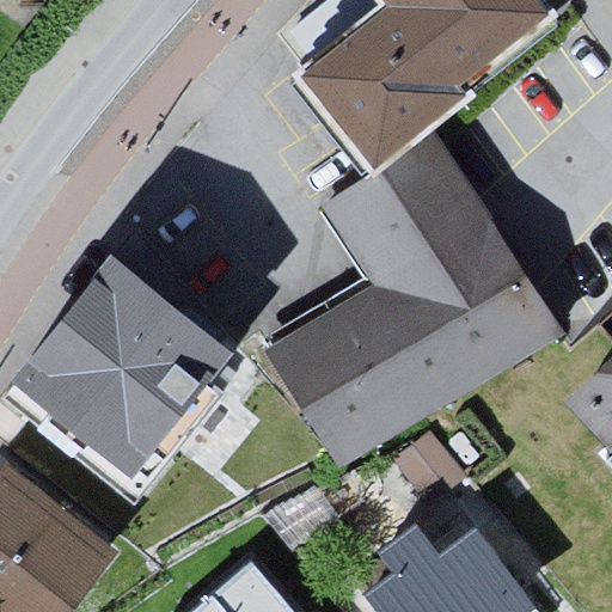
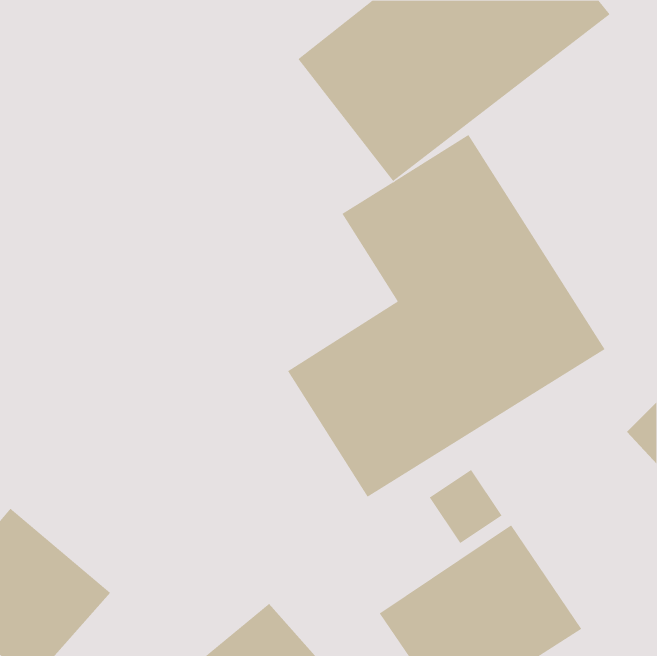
building: [8,264,235,492] -> none

